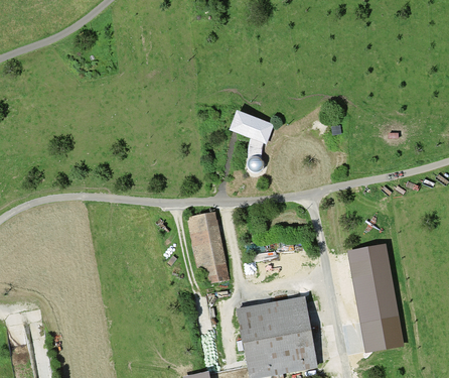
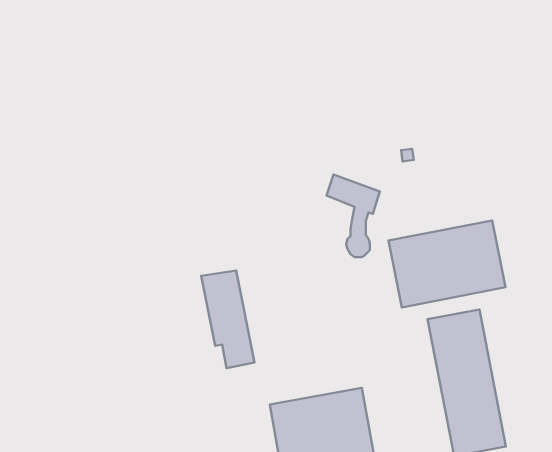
building: [232,114,270,173] -> [327,175,380,257]
building: none -> [389,221,505,307]

